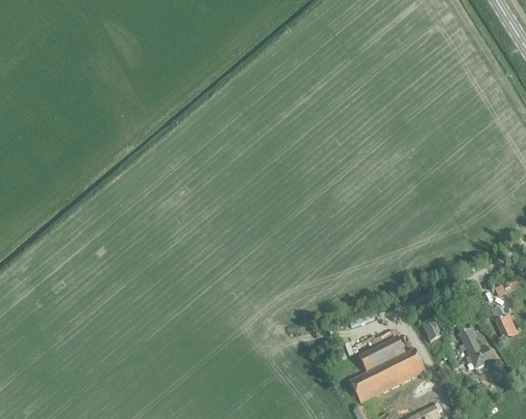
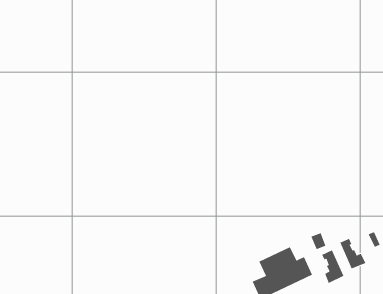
building: none -> [322,250,344,284]

